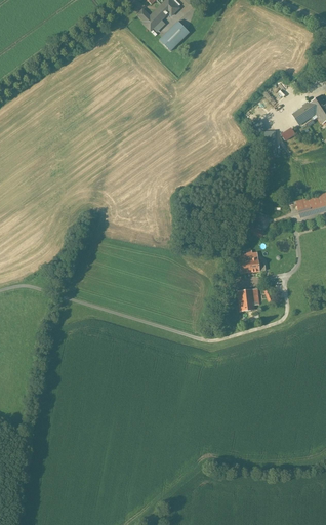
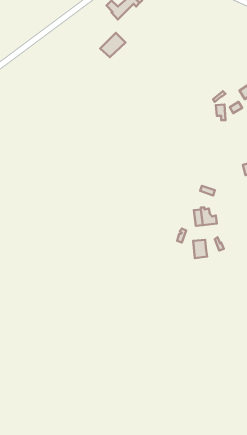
building: [160,22,190,50] -> [100,33,126,57]

